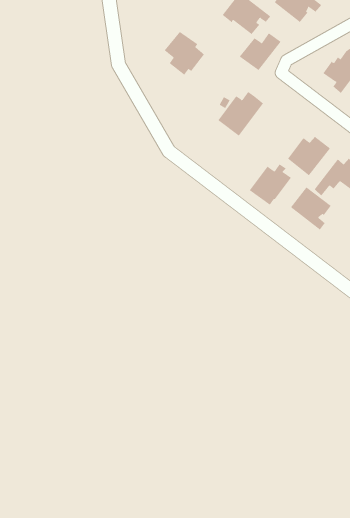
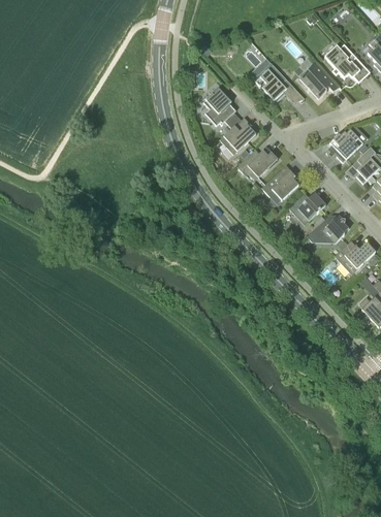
building: [239,33,281,71] -> [219,124,256,154]
building: [249,164,292,205] -> [261,170,298,203]
building: [290,187,331,231] -> none

